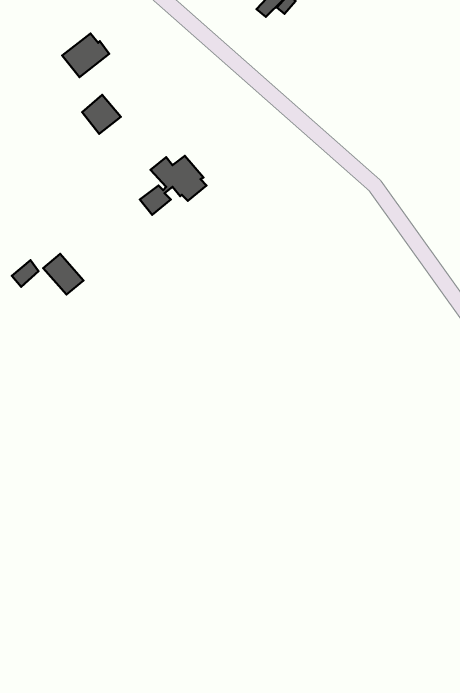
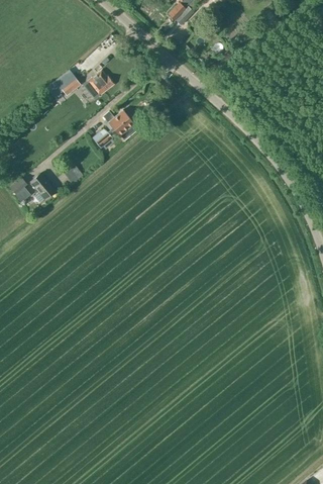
building: [62,34,109,77] -> [83,72,113,100]

